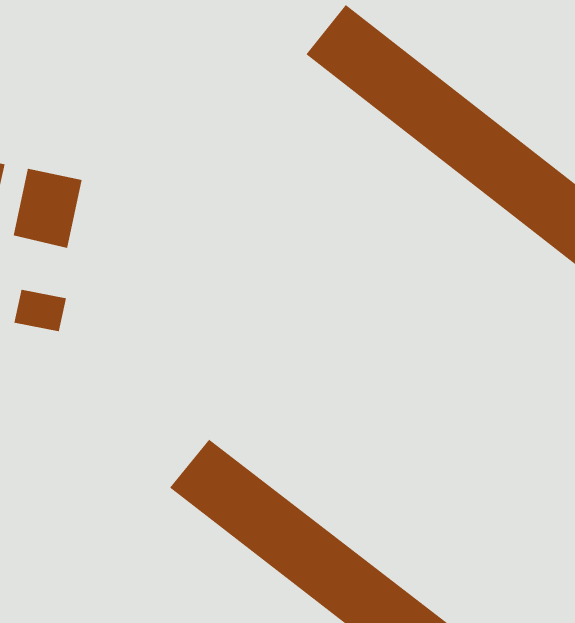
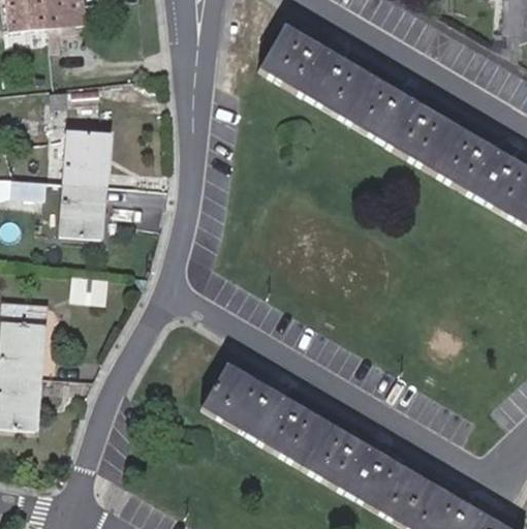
building: none -> [64,131,110,183]

